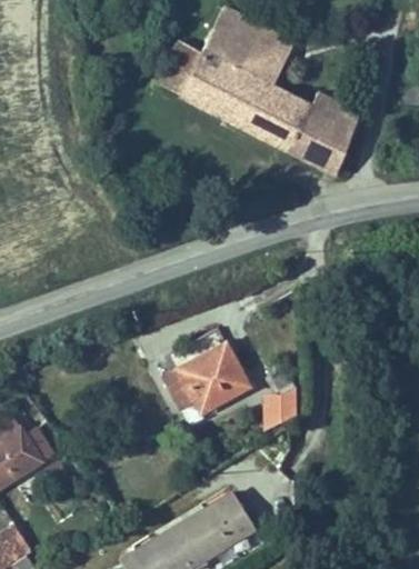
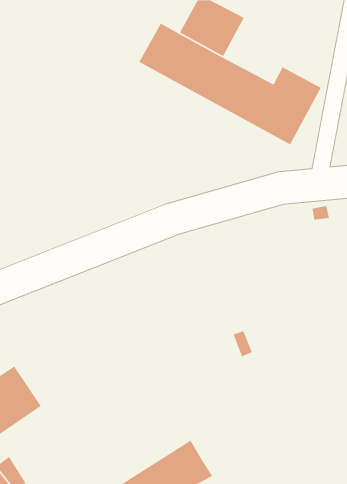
building: [159,348,245,416] -> none

